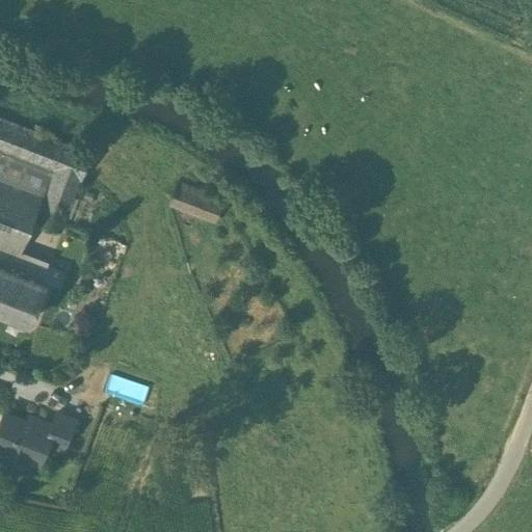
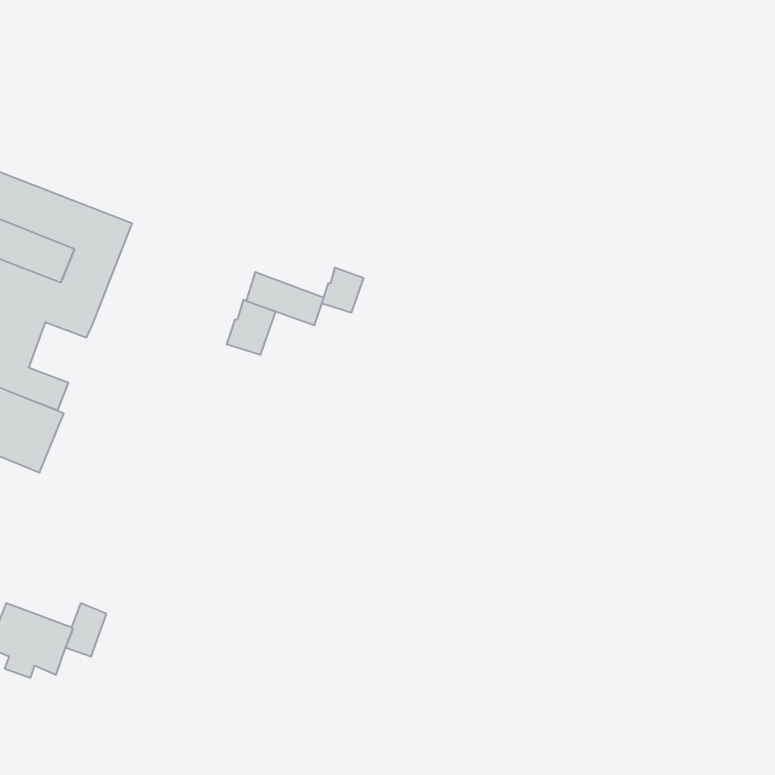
building: none -> [322,268,364,313]
building: none -> [227,300,276,355]

